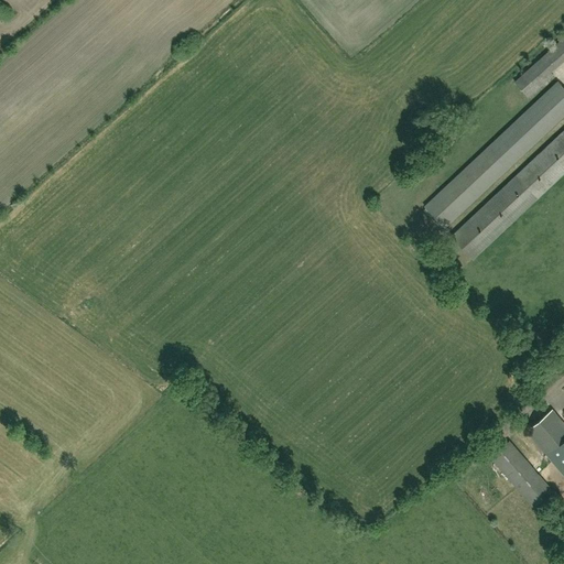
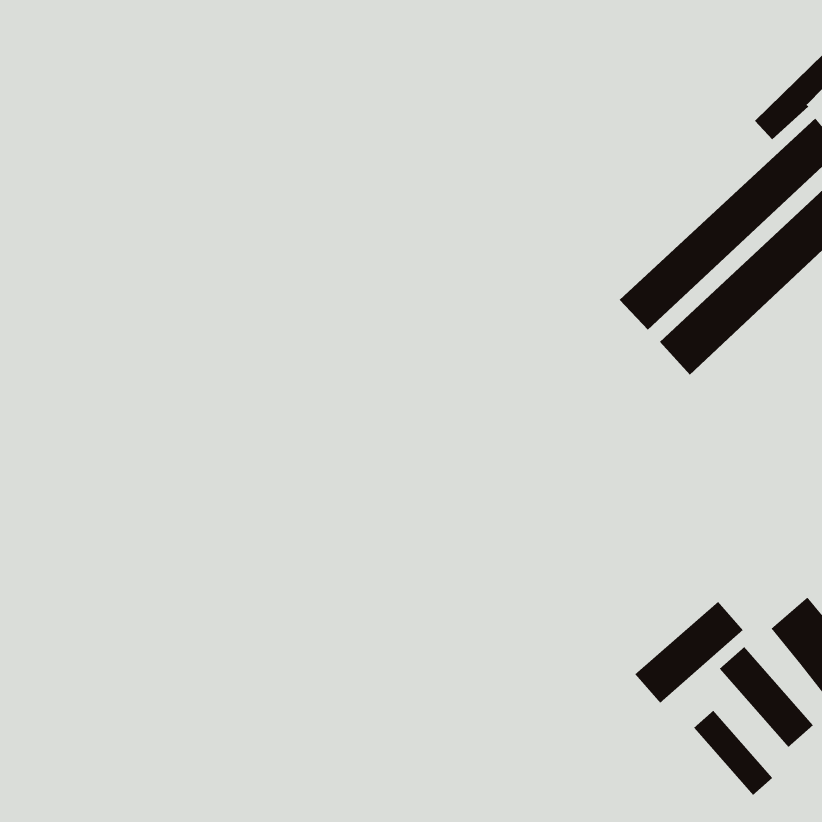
building: none -> [634,601,744,704]
building: none -> [693,710,773,796]

